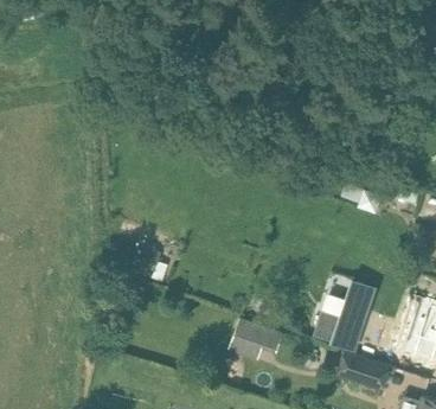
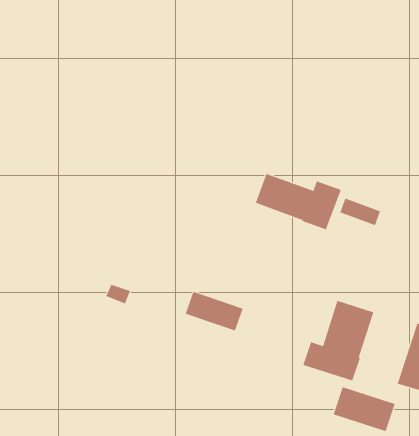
building: none -> [255,173,341,230]
building: [233,318,286,353] -> [185,291,243,331]

